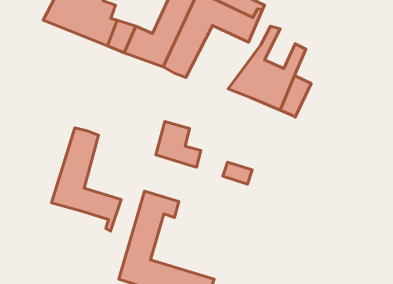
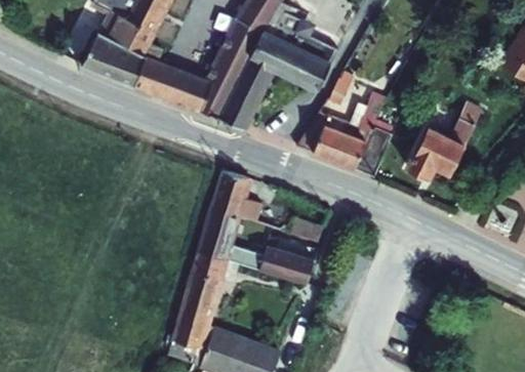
building: none -> [409,99,483,174]
building: [52,128,121,231] -> none
building: none -> [199,215,313,290]

